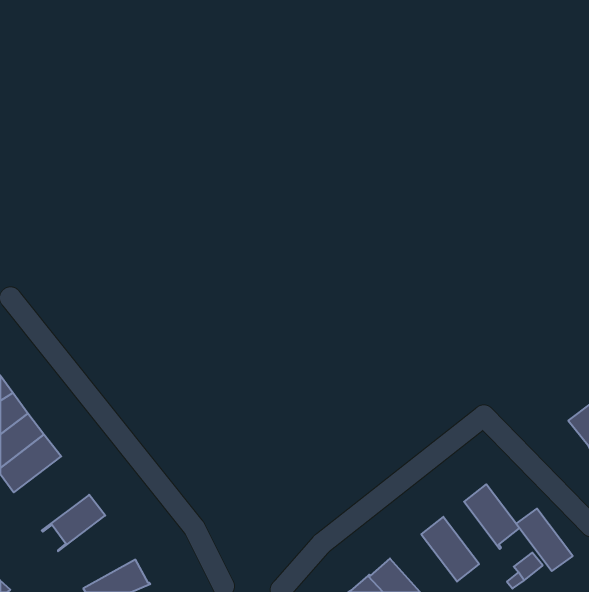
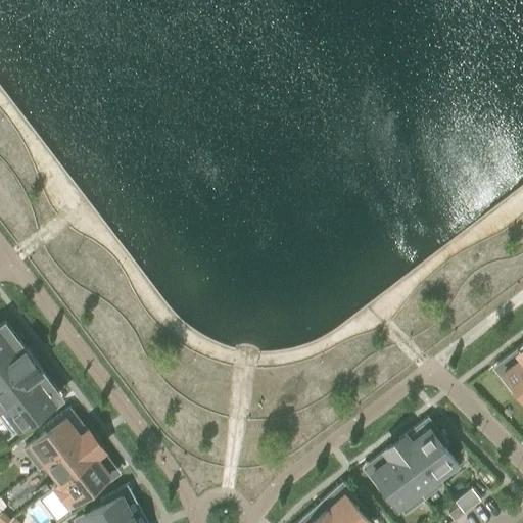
building: none -> [25,417,81,468]
building: [516,509,573,571] -> [393,442,443,497]
building: none -> [53,455,110,506]

